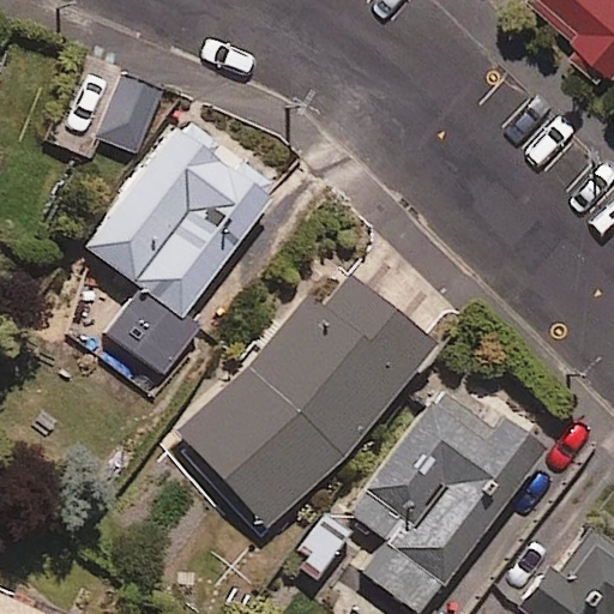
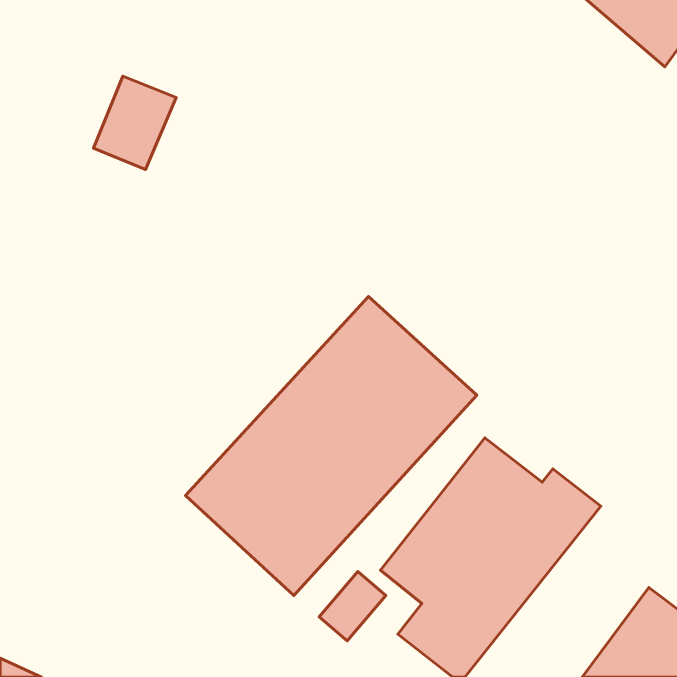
building: [84,115,279,378] -> none

